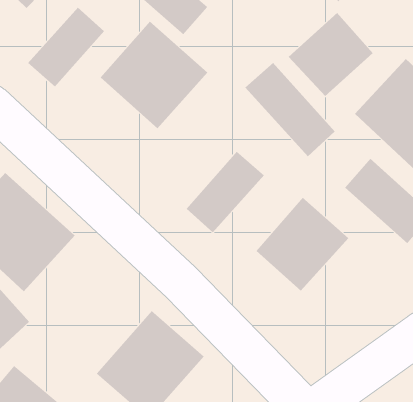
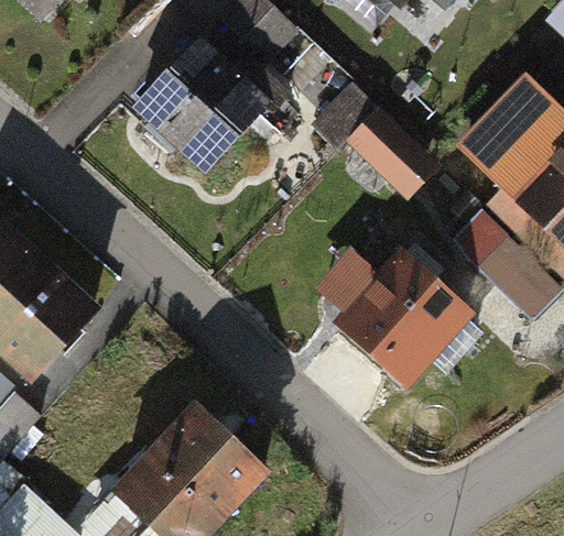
building: [27,7,105,87] -> none
building: [288,12,373,97] -> none
building: [186,151,265,233] -> none

